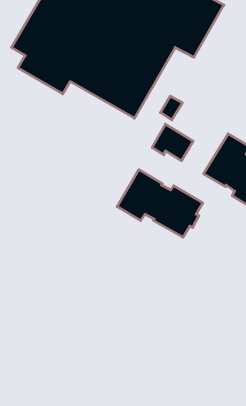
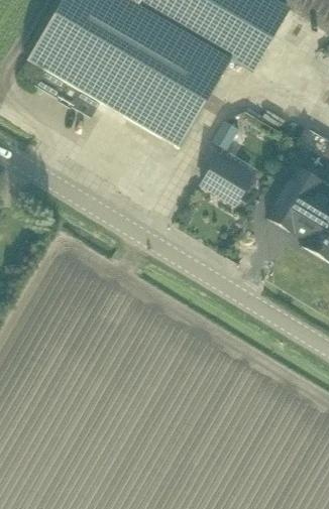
building: [117,170,203,237] -> none

